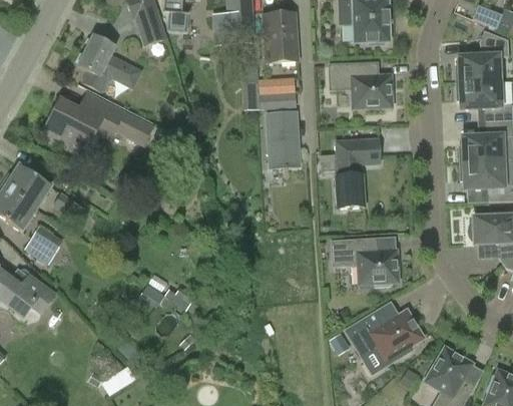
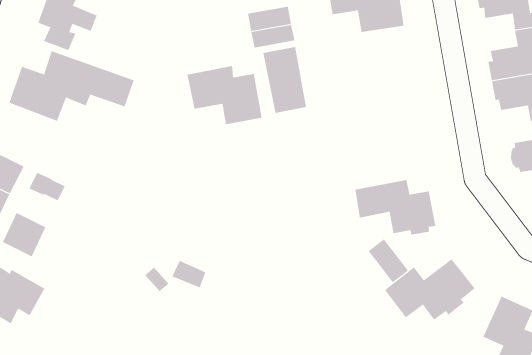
building: none -> [187,65,262,125]
building: [335,137,380,208] -> none
building: none -> [368,239,409,283]

